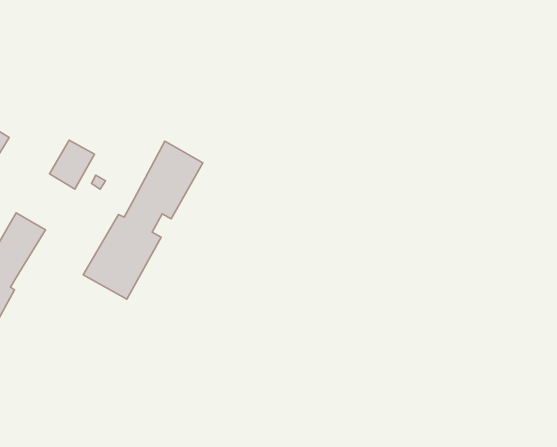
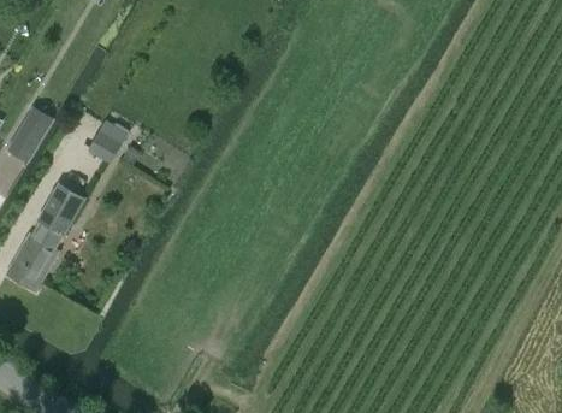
building: [83,141,203,299] -> none

